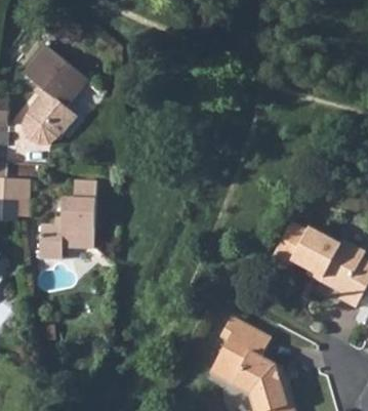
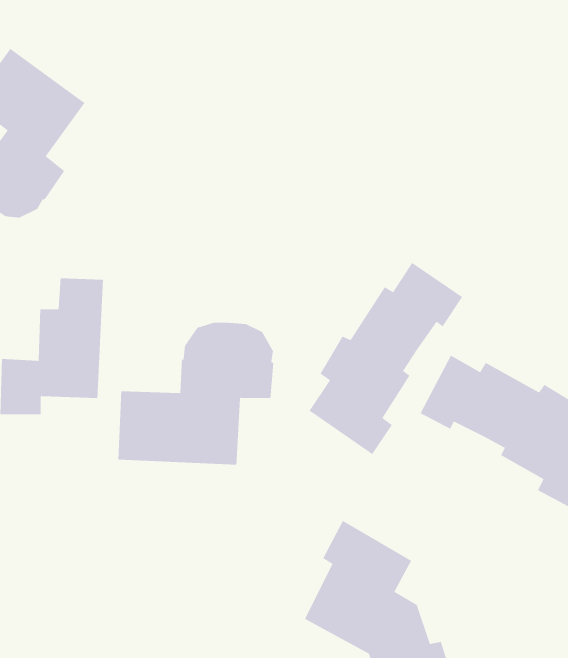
building: none -> [309,262,463,455]
building: none -> [117,322,274,466]

